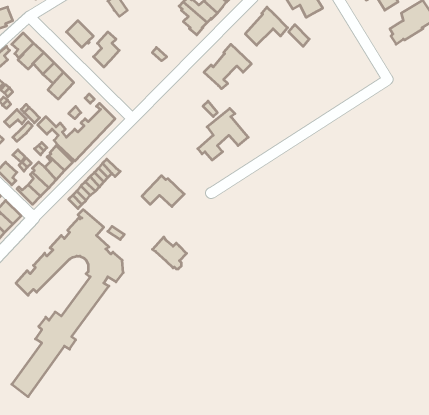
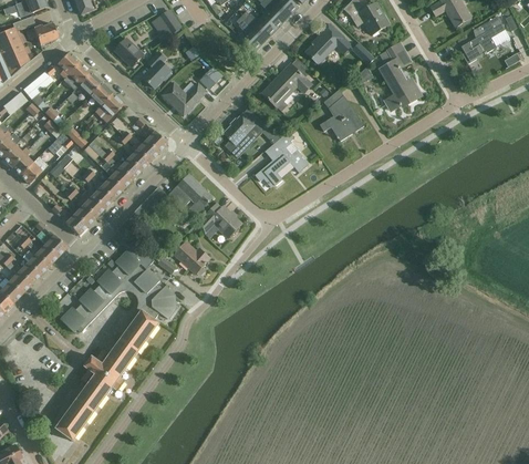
building: none -> [380,42,422,110]
building: none -> [162,81,208,116]
building: none -> [320,90,364,141]
building: none -> [224,113,256,148]
building: none -> [169,174,212,219]
building: [152,237,187,269] -> [174,240,210,275]

